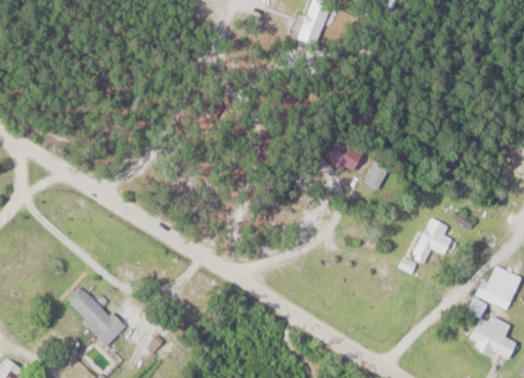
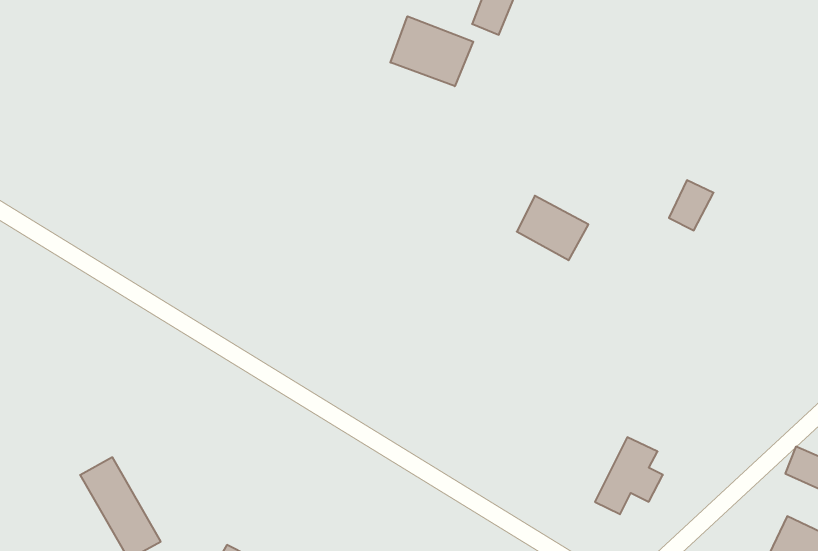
building: none -> [390,16,473,86]
building: [362,162,388,191] -> [669,180,714,230]
building: [410,218,449,262] -> [595,437,663,514]

